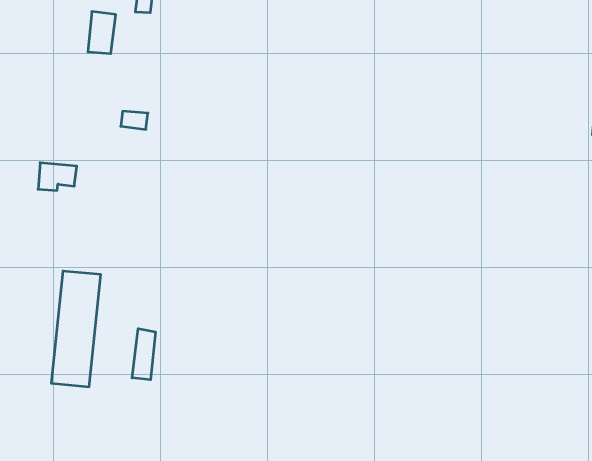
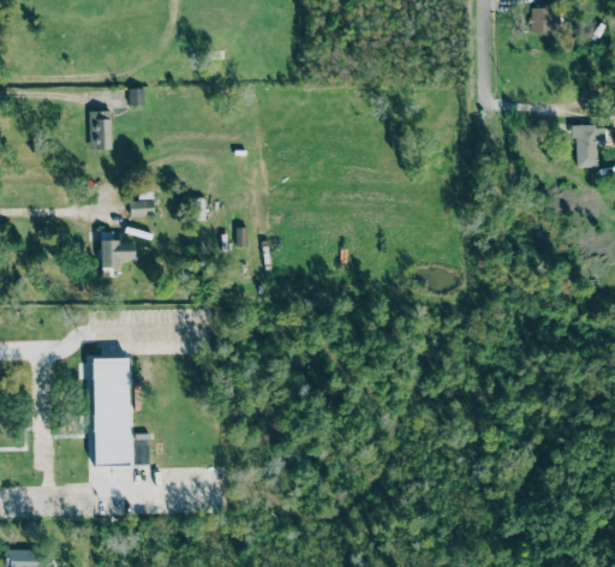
building: [38,163,77,190] -> [101,240,136,267]
building: [132,329,155,380] -> none

